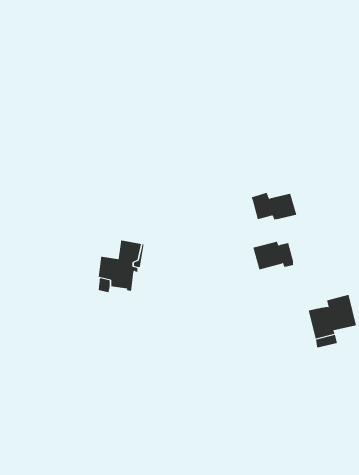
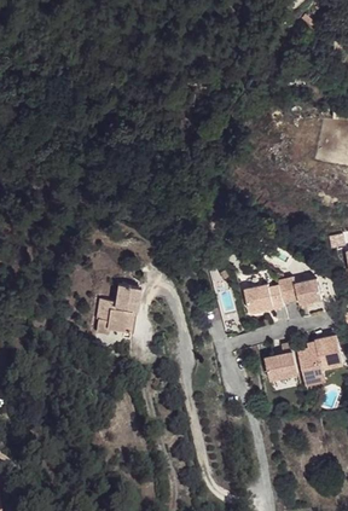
building: [251,192,297,220] -> [278,275,323,302]
building: none -> [265,342,298,379]

